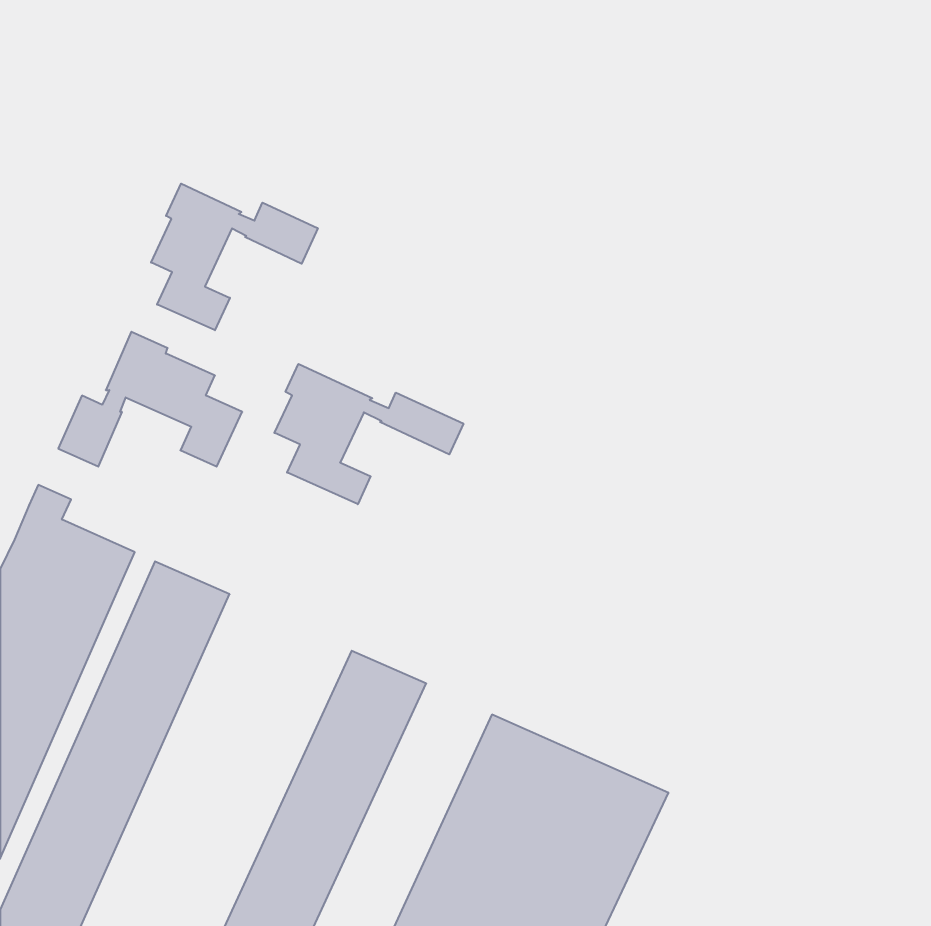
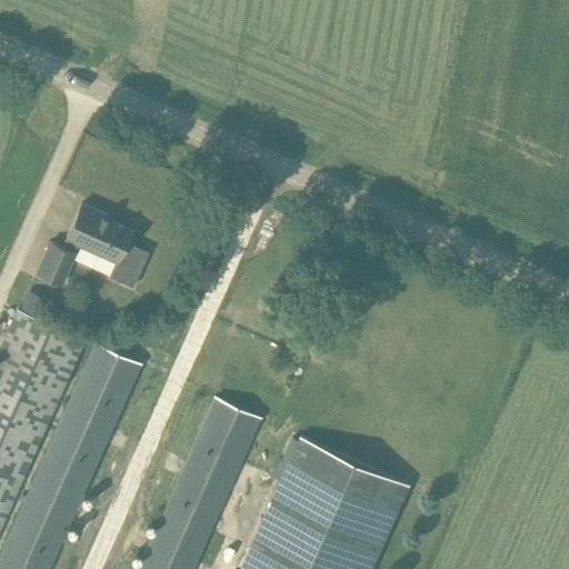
building: [151,184,318,330] -> none
building: [274,364,463,504] -> none

